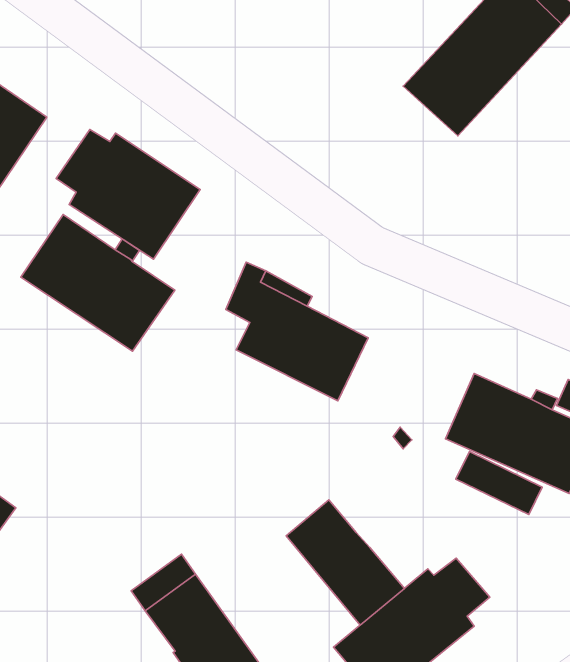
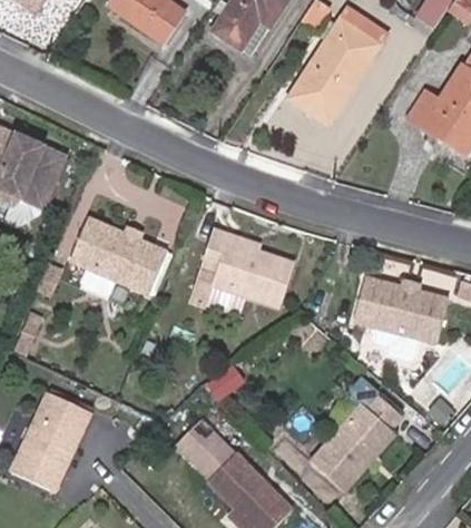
building: [56,129,200,259] -> none
building: [286,500,404,625] -> none

